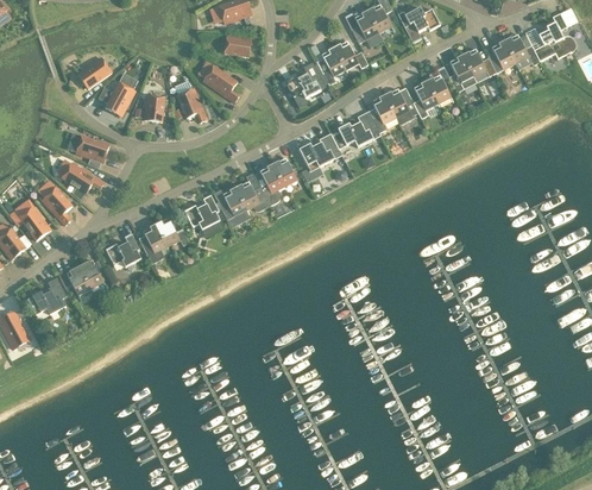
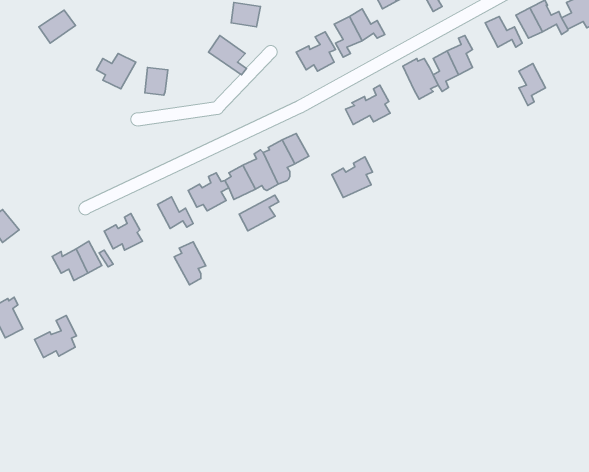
building: [449,54,474,93] -> [519,64,546,106]
building: [77,57,112,88] -> [39,10,76,43]
building: [177,88,207,122] -> none
building: [372,94,396,133] -> none
building: [300,132,338,170] -> [332,157,373,197]
building: [76,136,109,162] -> none
building: [62,162,105,193] -> none
building: [42,187,73,225] -> none
building: [19,206,51,240] -> none
building: none -> [239,195,279,231]
building: [138,224,168,264] -> [174,242,206,285]
building: [27,276,67,315] -> [35,315,76,357]

